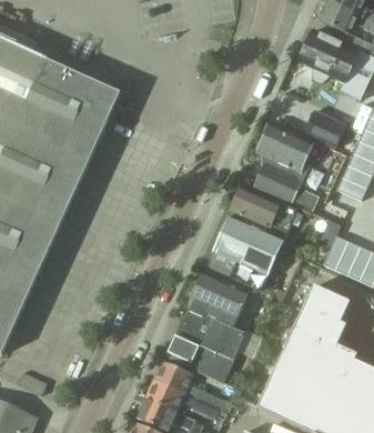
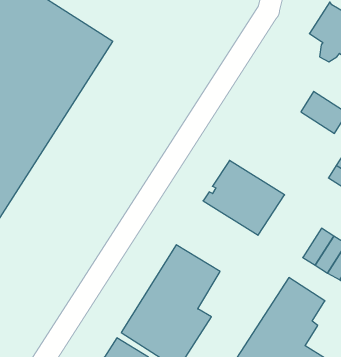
building: [254,120,315,172] -> none
building: [252,162,302,205] -> none
building: [208,225,279,290] -> none

